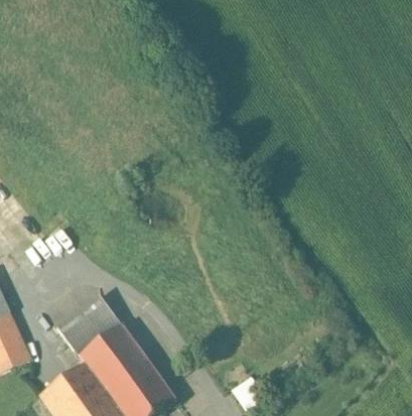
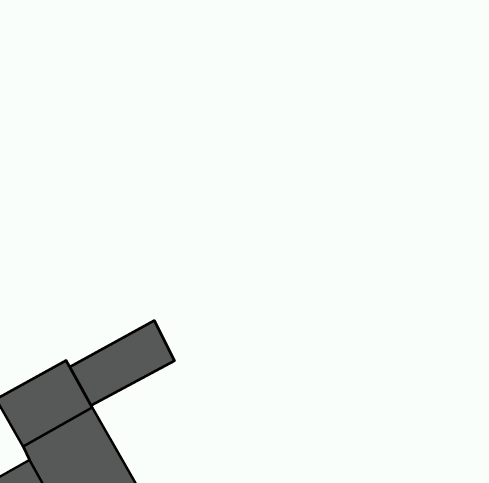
building: none -> [70,321,174,406]

